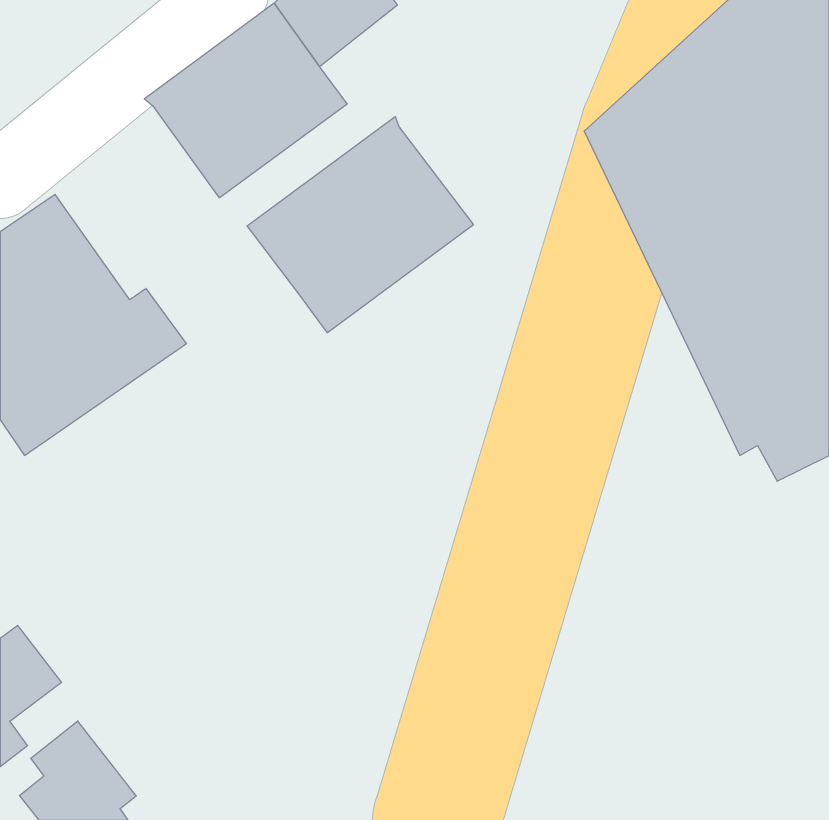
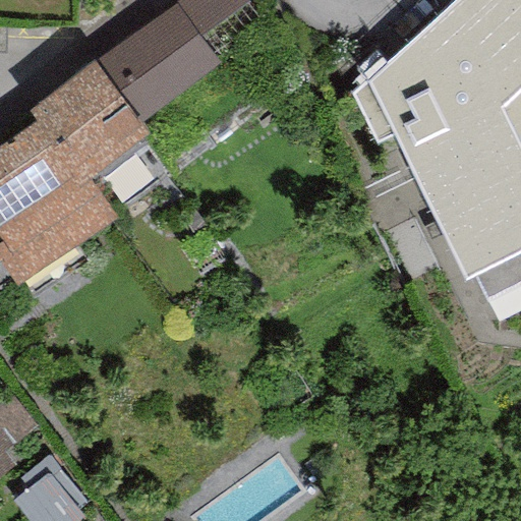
building: none -> [28,66,149,188]
building: [247,117,473,333] -> none

